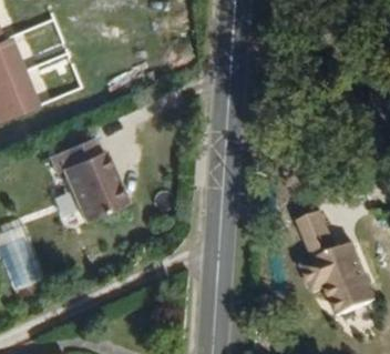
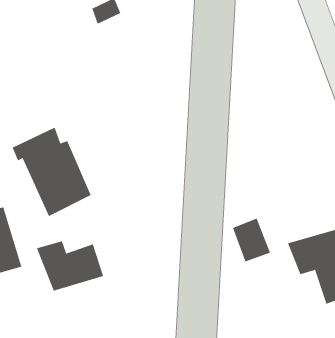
building: [302,204,340,247] -> [232,218,271,262]
building: none -> [36,240,104,292]

